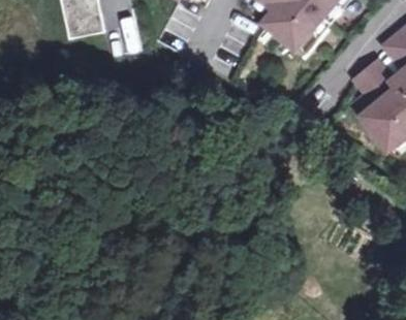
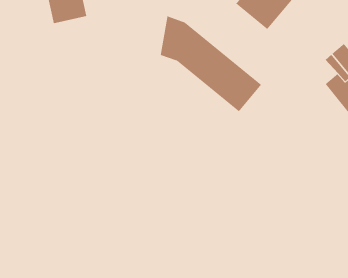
building: none -> [160,15,262,112]

